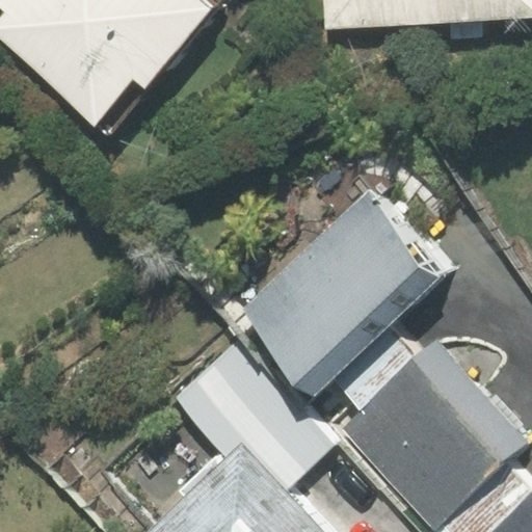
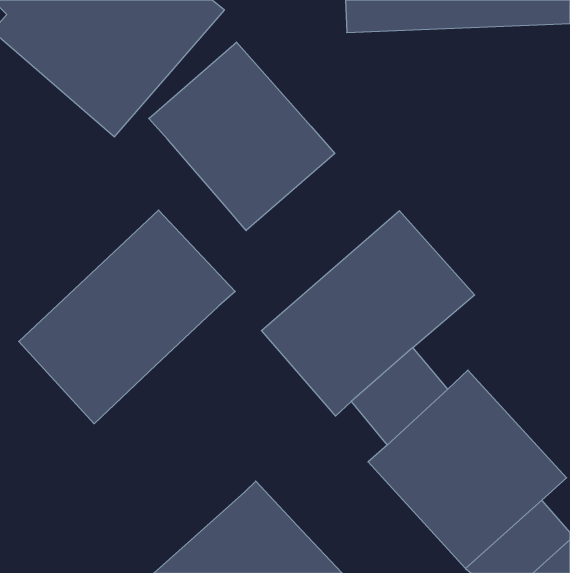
building: none -> [149,42,335,231]
building: none -> [19,210,235,424]
building: [172,343,329,491] -> none

